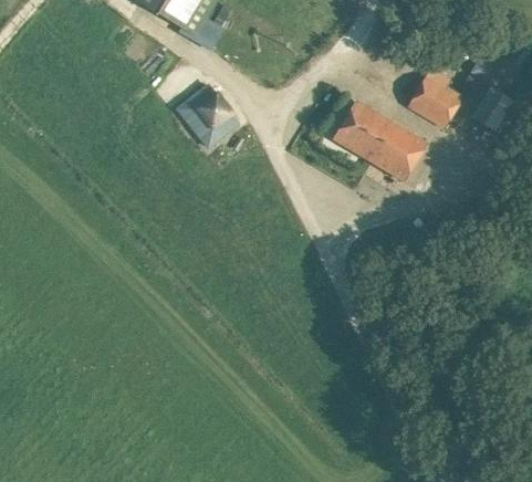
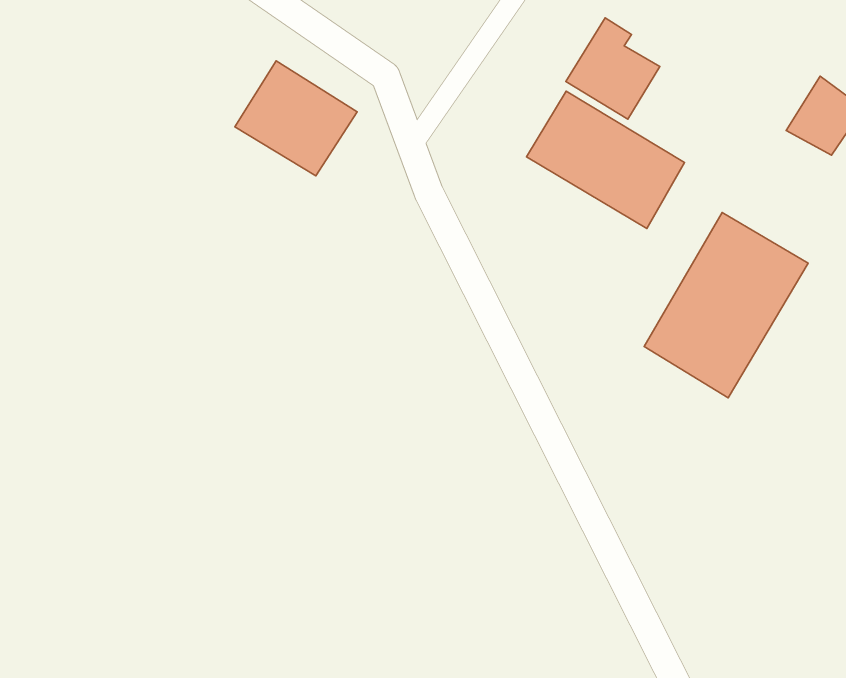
building: [405,65,460,125] -> [566,18,660,119]
building: none -> [644,213,808,398]

